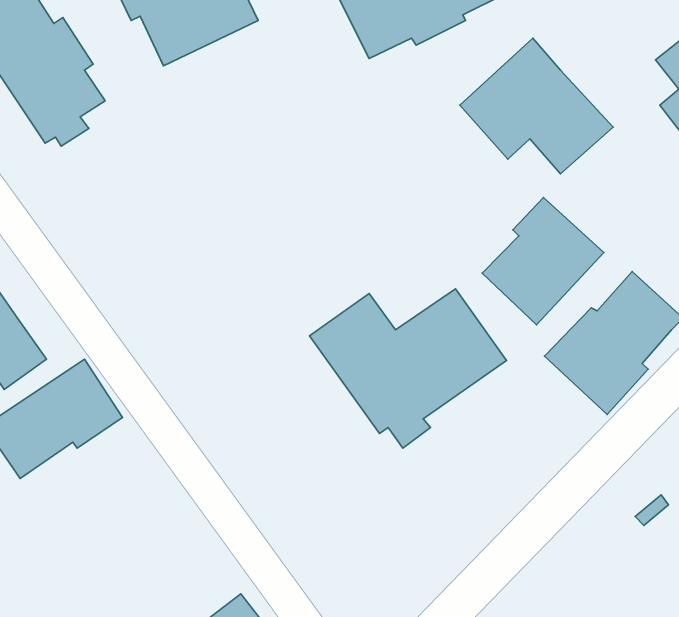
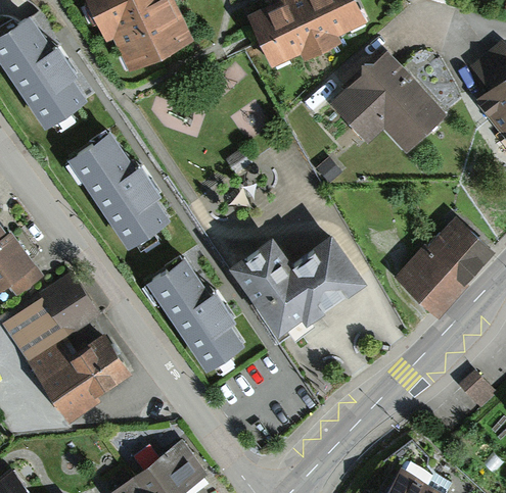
building: none -> [66,131,167,250]
building: [482,197,604,325] -> none
building: none -> [146,258,241,369]
building: none -> [27,337,129,423]

